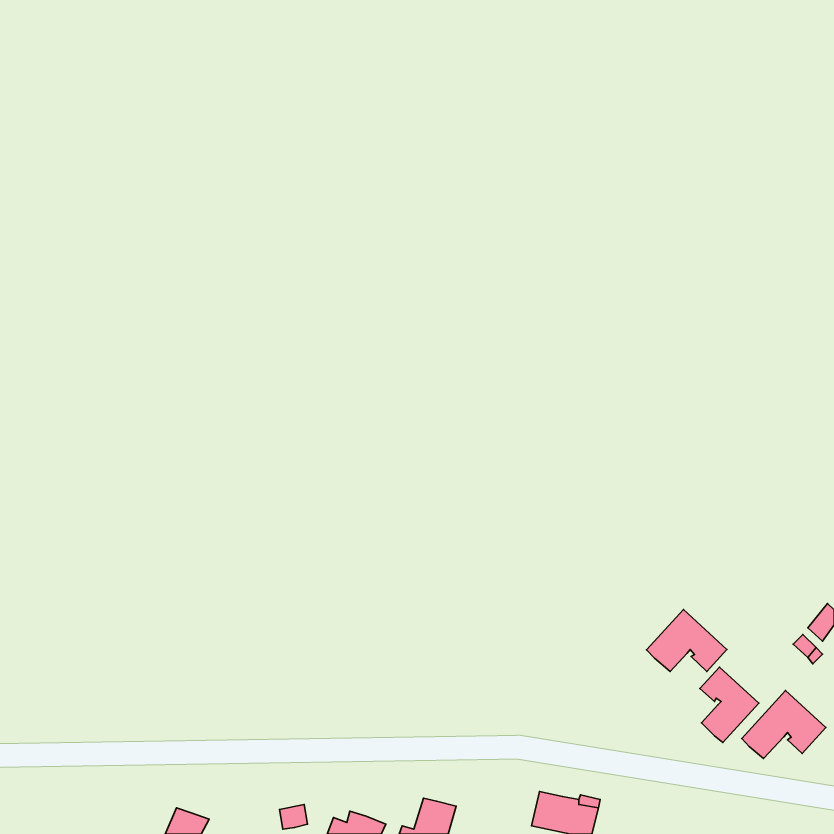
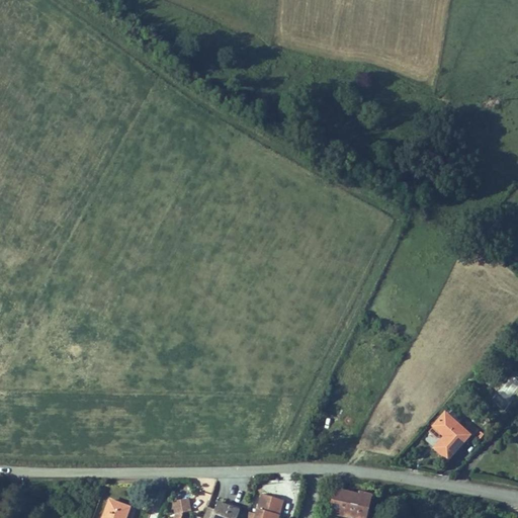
building: [646,609,727,671] -> none
building: [742,691,826,759] -> none

